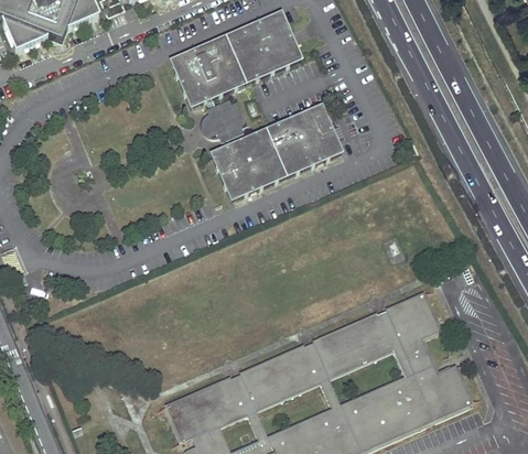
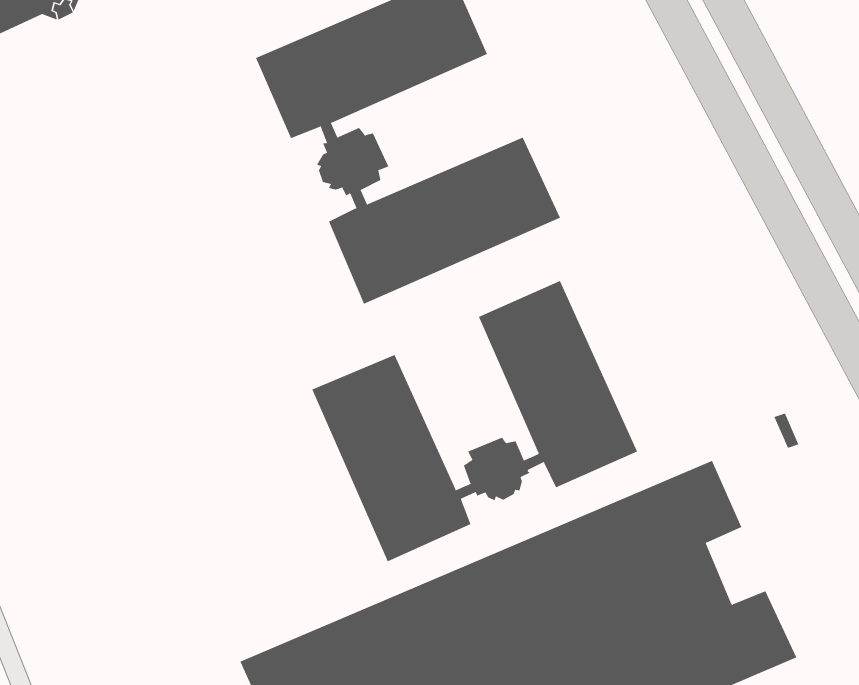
building: none -> [311,280,638,562]

